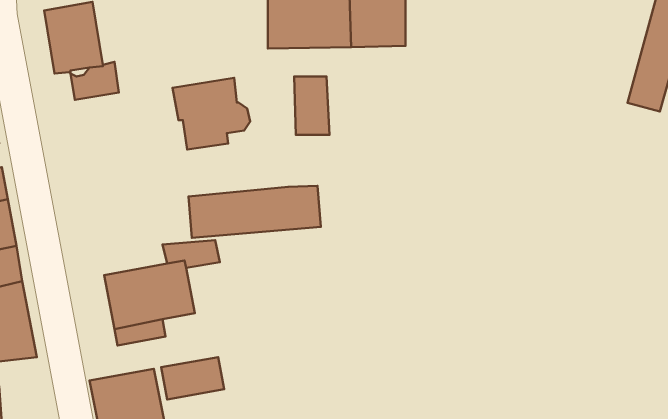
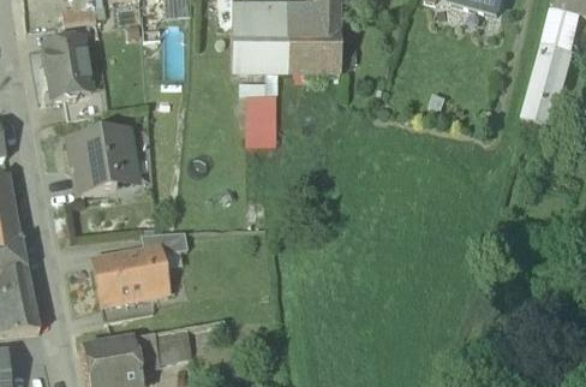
building: [173,78,250,149] -> [70,130,133,189]
building: [188,186,321,238] -> none

